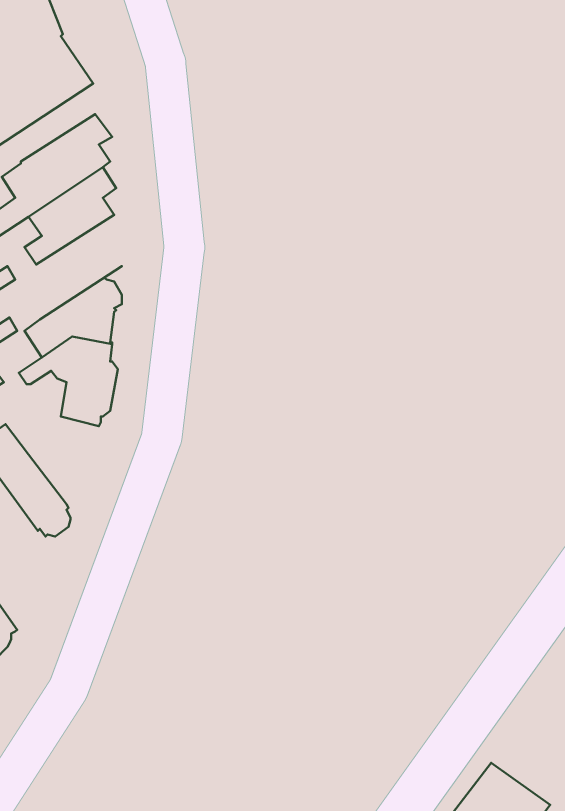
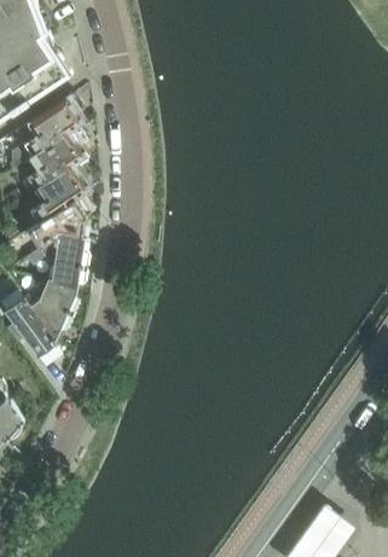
building: none -> [31,155,92,221]
building: none -> [31,282,79,338]

